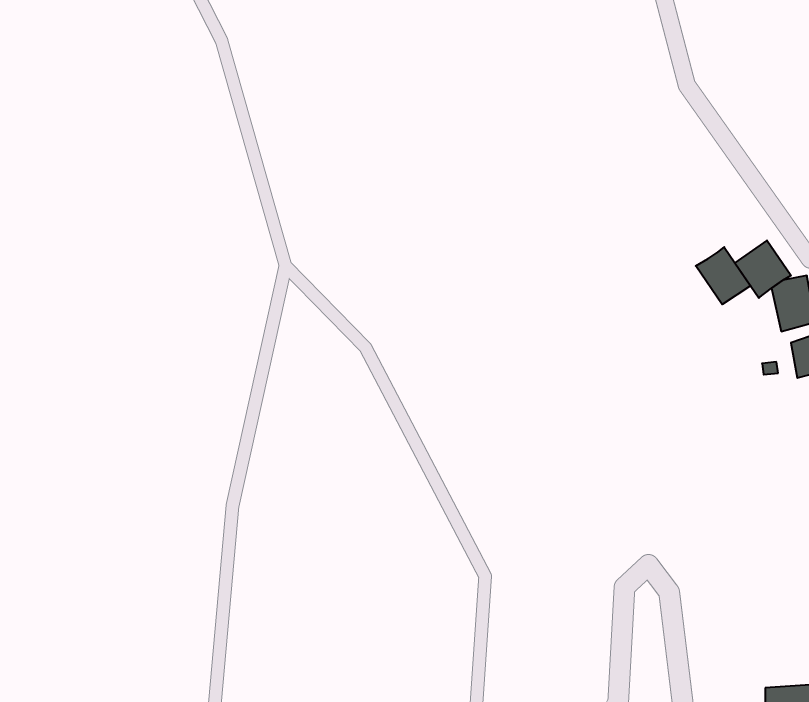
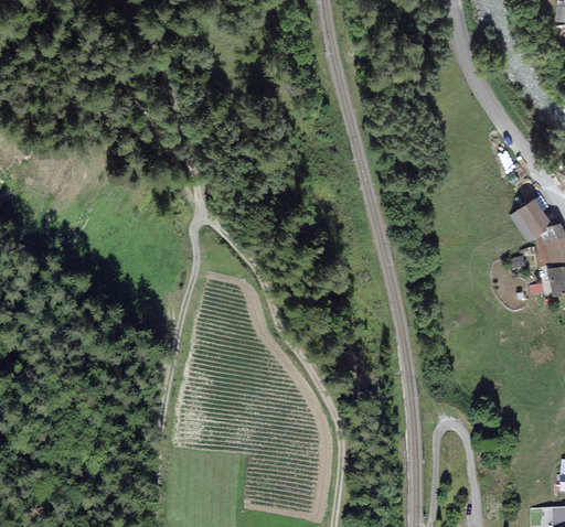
building: [696,247,751,304] -> none

